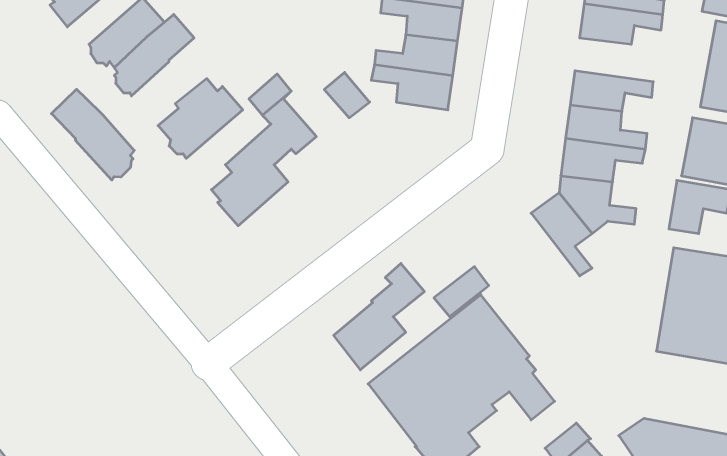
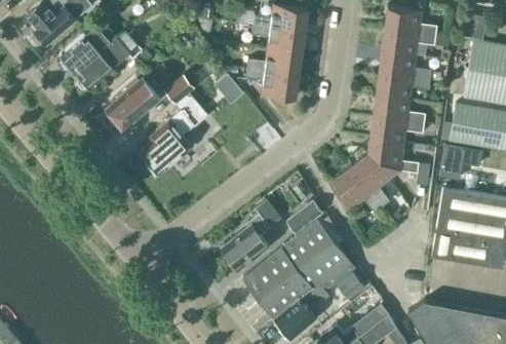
building: none -> [379,51,432,80]
building: [51,89,134,180] -> none
building: none -> [333,166,382,214]

